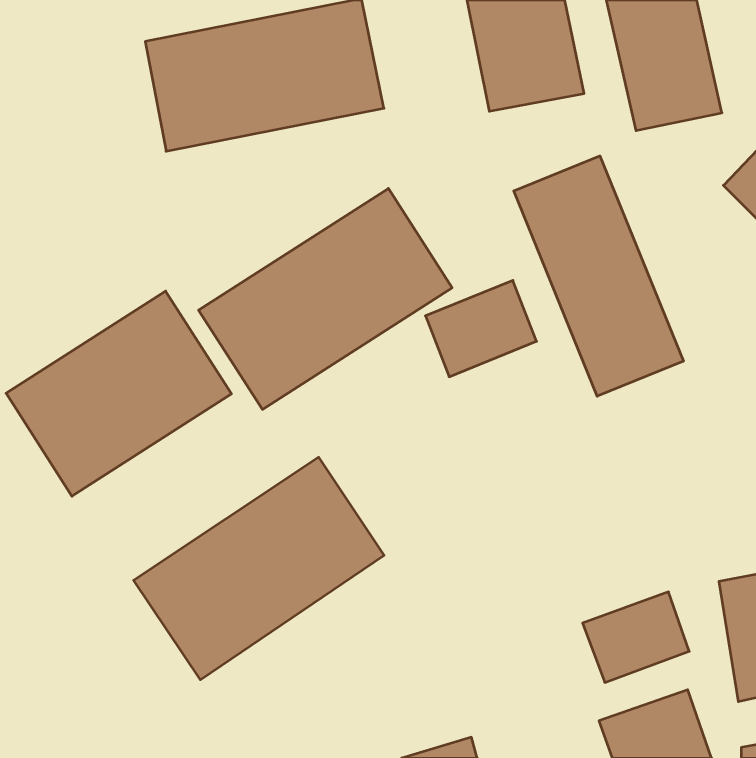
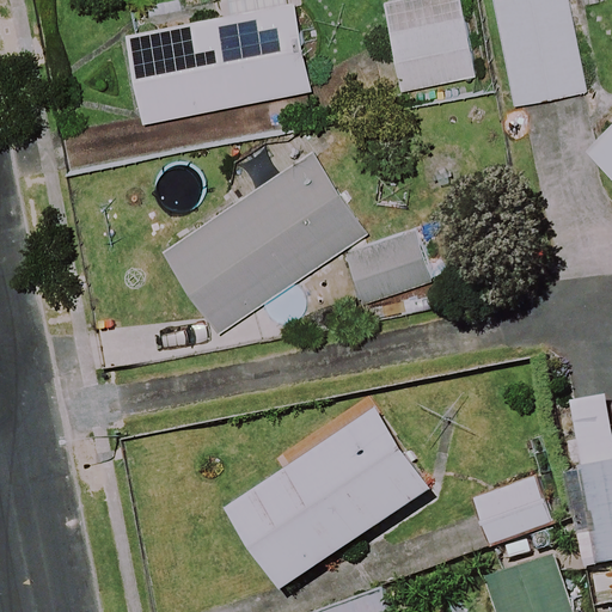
building: [514,156,683,396] -> none
building: [6,291,231,496] -> none
building: [134,457,384,680] -> [228,414,430,593]

